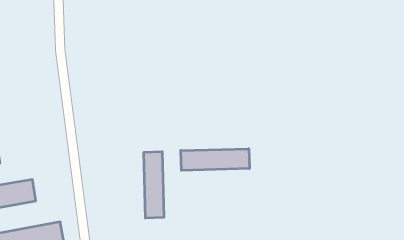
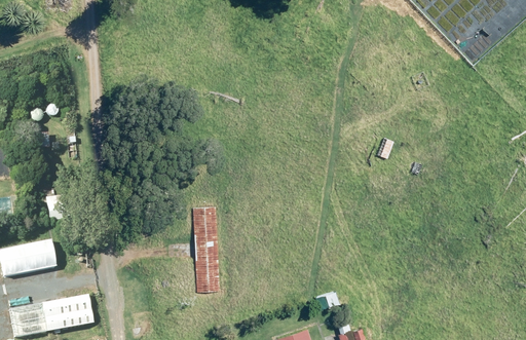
building: [181,149,249,170] -> none

